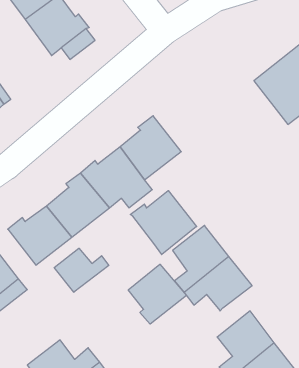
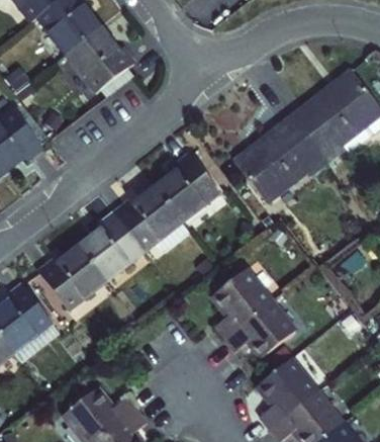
building: none -> [240,116,331,202]
building: [130,191,197,255] -> none
building: [54,248,109,292] -> none
building: [128,264,187,324] -> none

